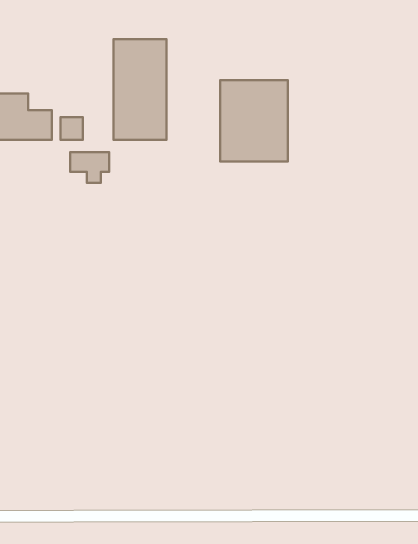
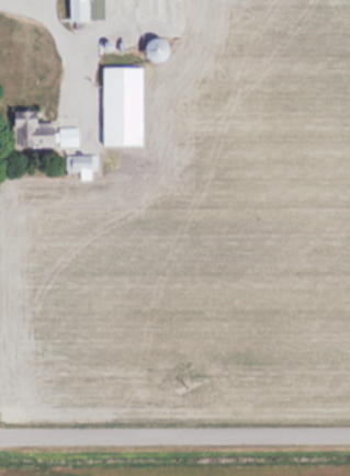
building: [220,80,288,161] -> none

